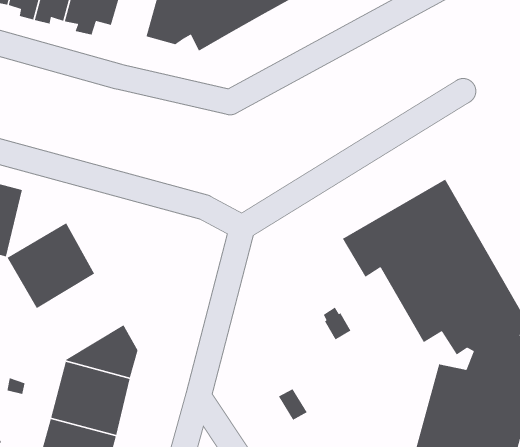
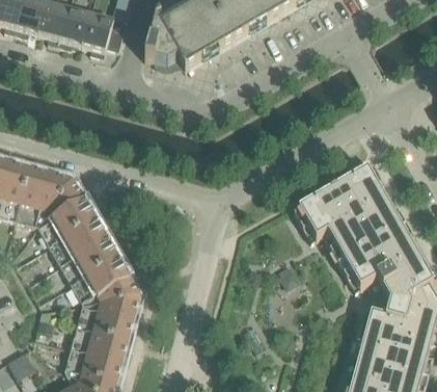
building: none -> [38,172,84,224]
building: none -> [61,236,128,302]

